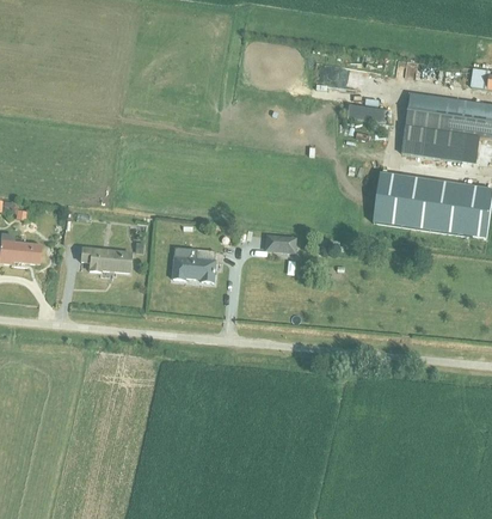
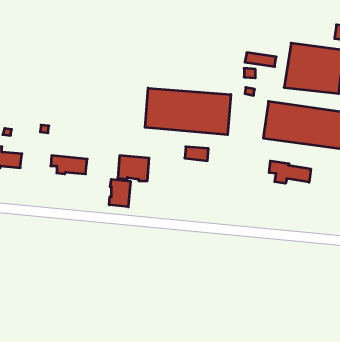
building: none -> [145,88,231,135]
building: none -> [269,161,311,183]
building: none -> [109,179,130,207]

